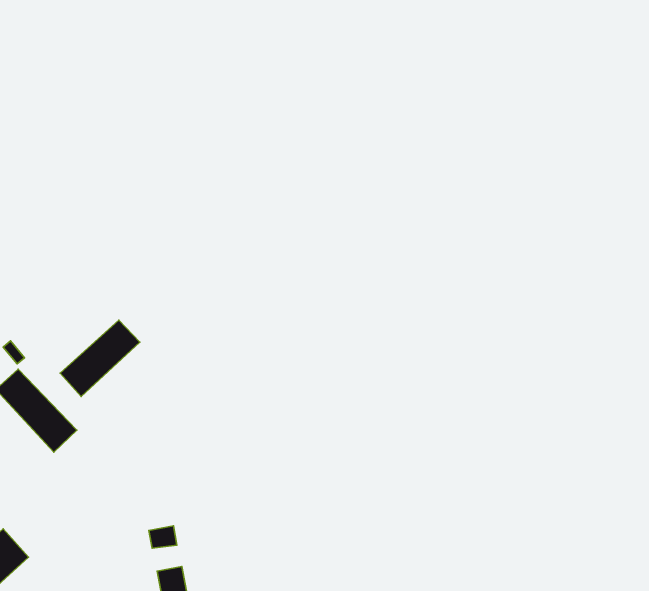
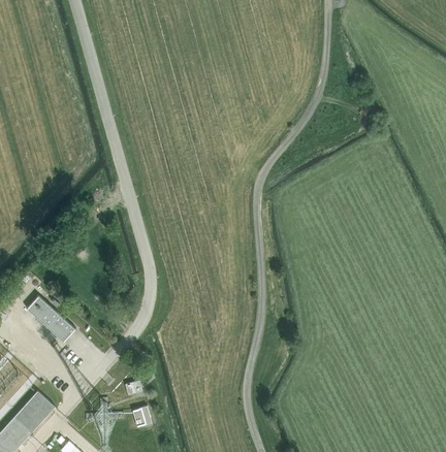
building: [60,320,140,397] -> none

